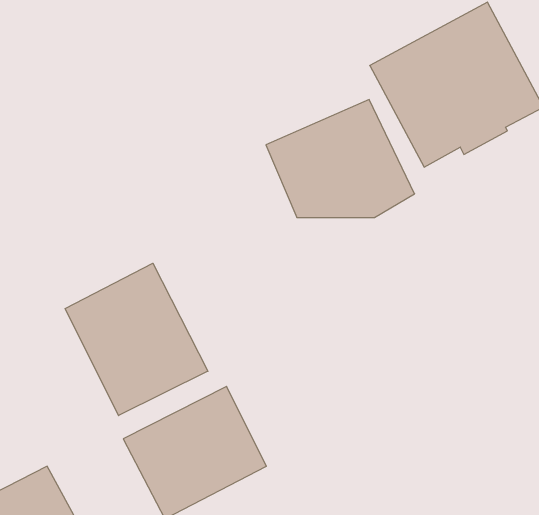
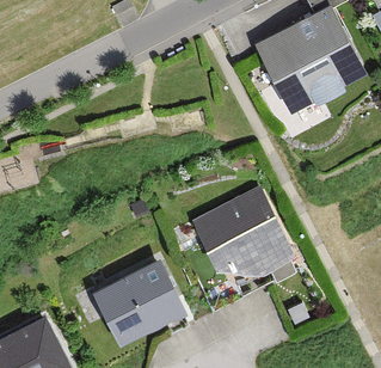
building: [266,100,415,217] -> [195,192,293,270]
building: [65,263,208,416] -> none

